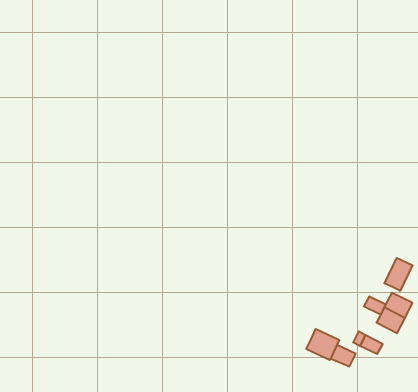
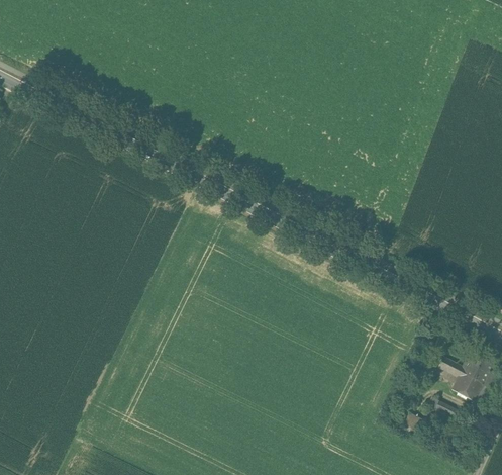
building: [384,258,412,291] -> none
building: [306,329,339,360] -> none

